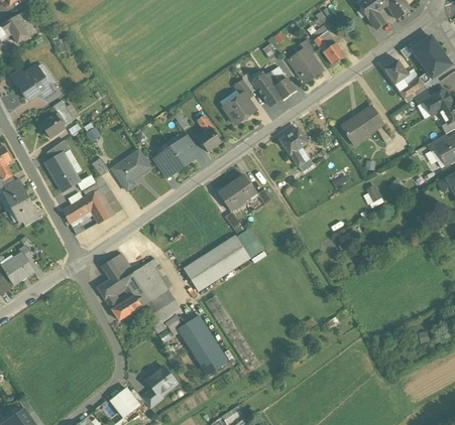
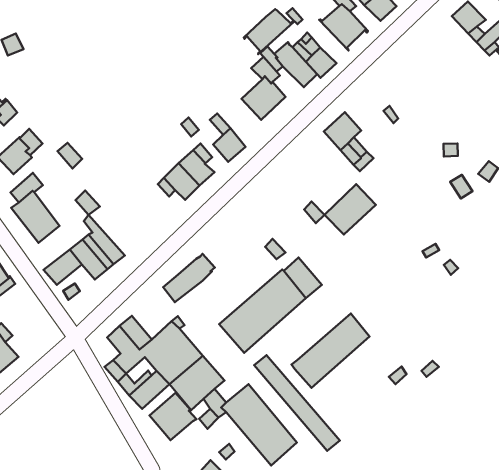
building: none -> [244,9,293,54]
building: [342,106,383,142] -> none
building: [110,149,151,190] -> none
building: [218,174,256,209] -> [325,184,376,234]
building: none -> [163,254,215,302]
building: none -> [291,314,370,388]
building: none -> [150,393,196,440]

